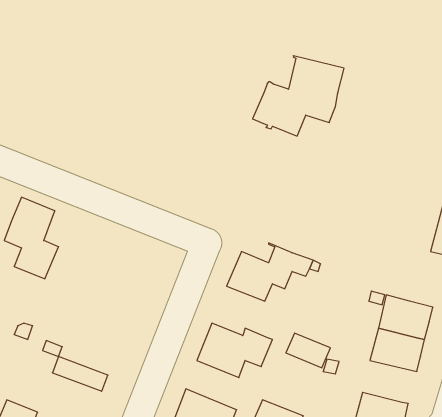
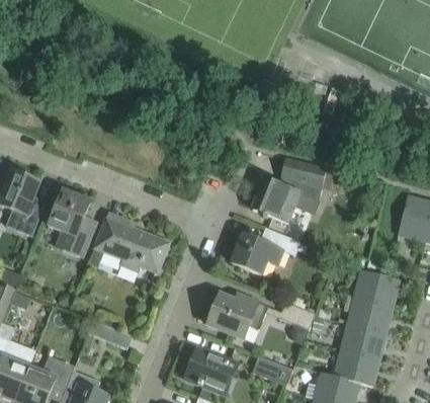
building: [253,56,344,136] -> [251,157,326,223]
building: none -> [93,212,169,272]
building: none -> [341,323,385,358]

